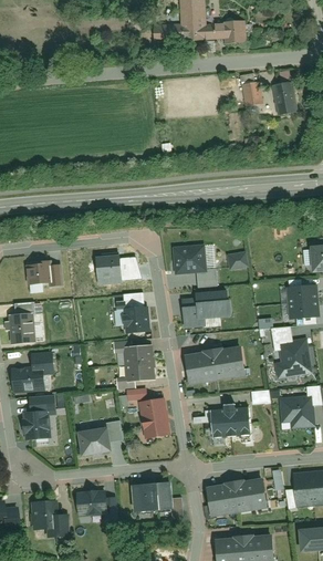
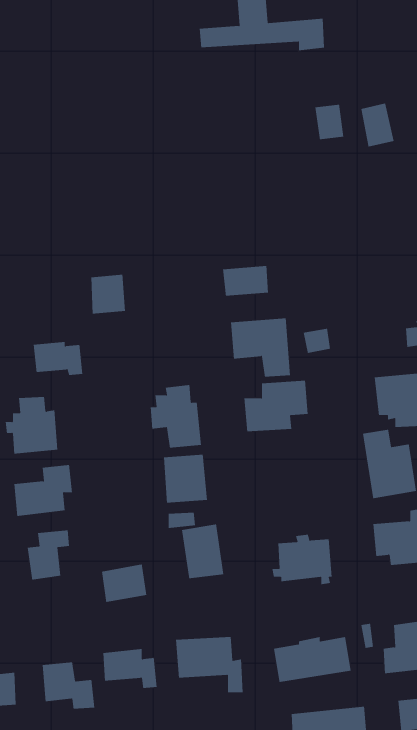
building: none -> [223,265,268,296]
building: [97,254,124,284] -> [90,274,126,314]
building: [184,345,246,385] -> none

